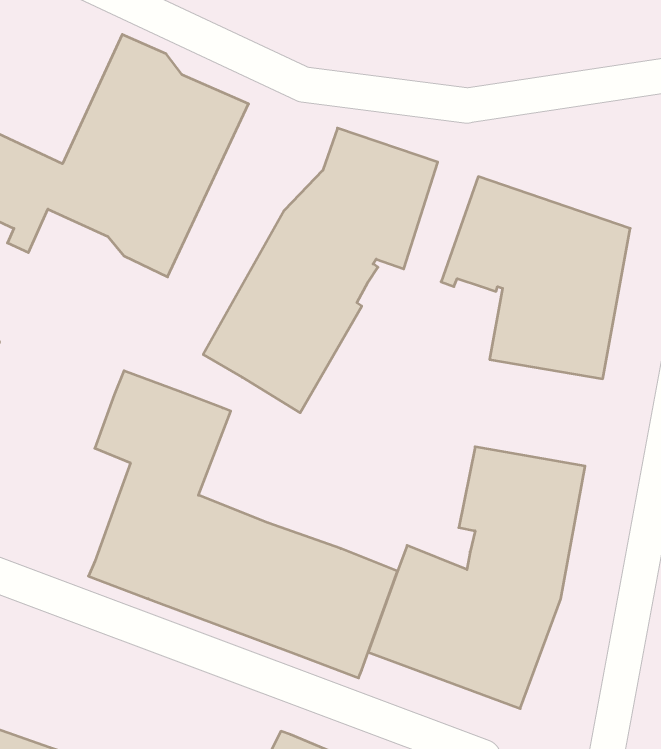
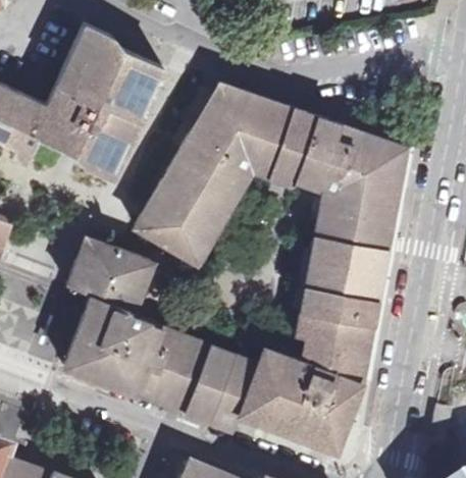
building: none -> [262,105,309,180]
building: none -> [307,229,387,297]

